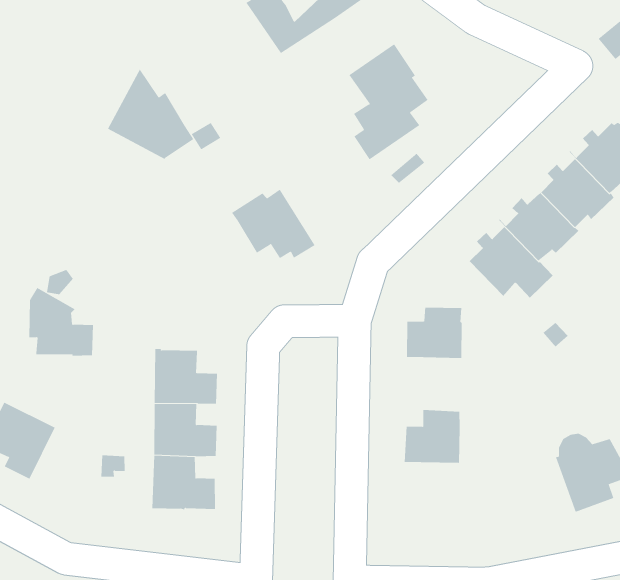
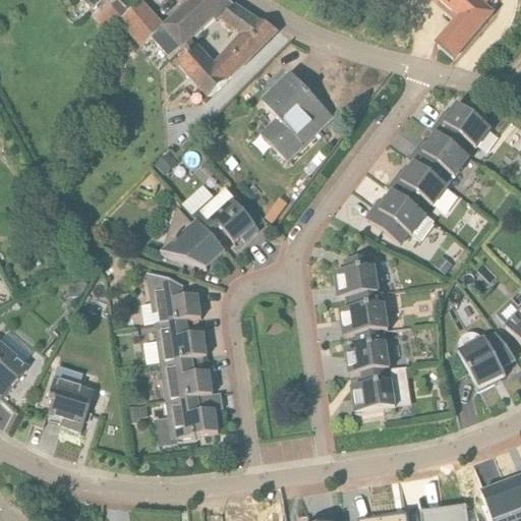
building: [107,68,194,160] -> [161,205,225,268]
building: [28,287,94,356] -> [149,273,201,322]
building: none -> [340,290,389,335]
building: none -> [351,367,396,412]

